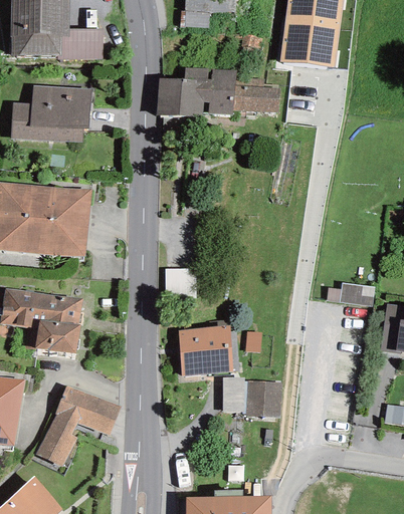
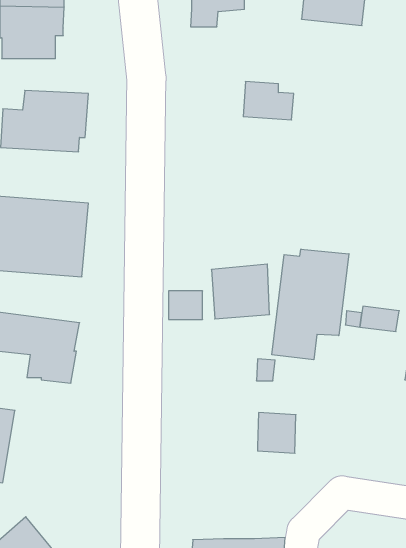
building: [279,20,341,68] -> none
building: [57,28,103,59] -> none
building: [157,67,236,116] -> none
building: none -> [272,249,349,360]
building: [178,325,231,375] -> [211,264,270,319]
building: [222,376,246,412] -> none
building: [34,386,121,467] -> none

